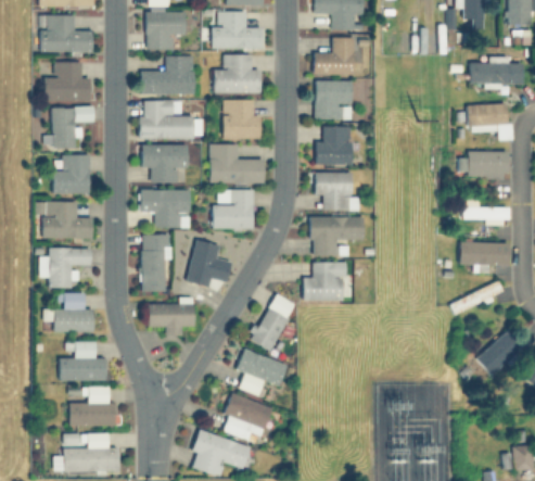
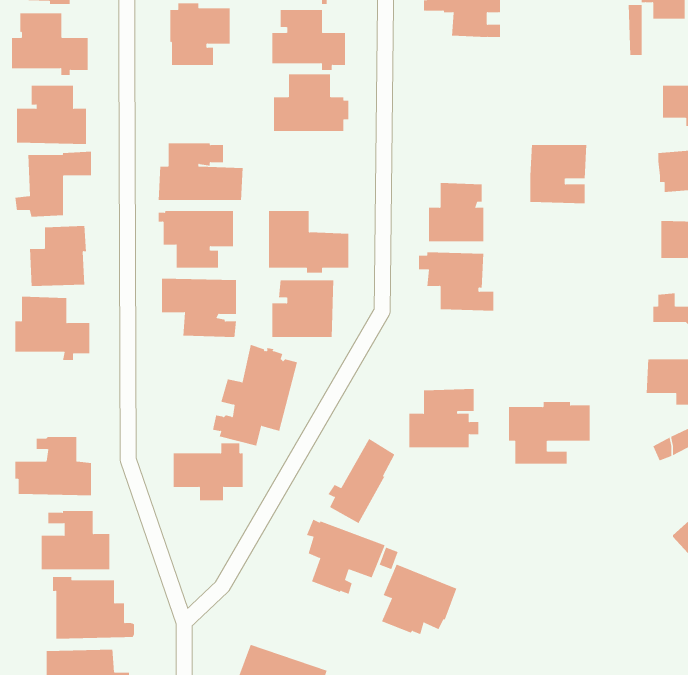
building: [314,38,354,74] -> none
building: [140,55,194,98] -> none
building: [315,80,353,119] -> [529,144,587,204]
building: [224,99,260,139] -> none
building: [309,214,364,255] -> [508,402,590,464]
building: [138,235,171,292] -> none
building: [40,249,91,288] -> none
building: [222,393,272,440] -> [381,564,457,635]

